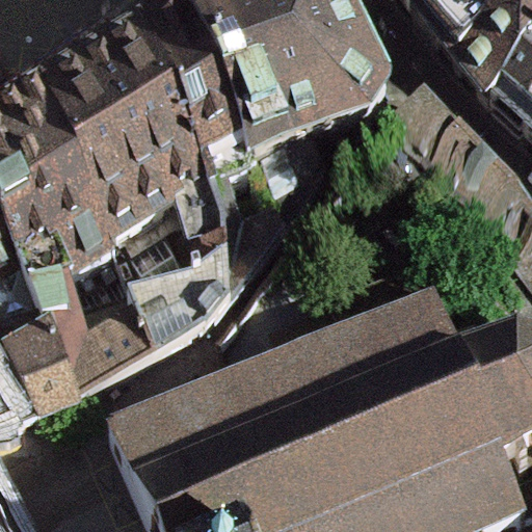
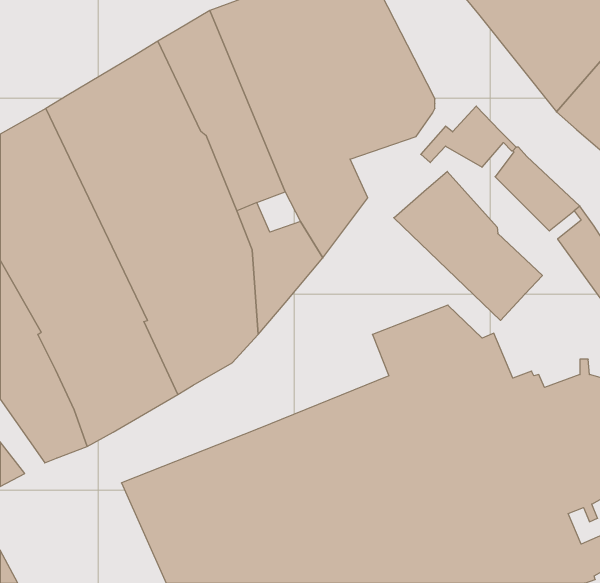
building: none -> [394,171,542,320]

